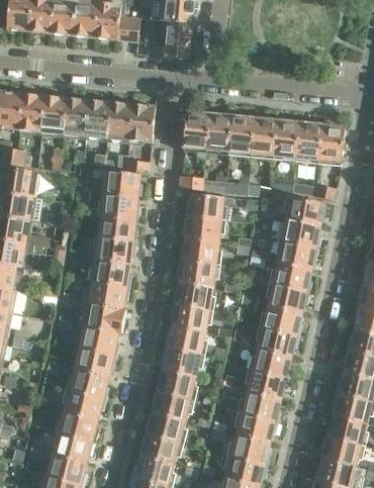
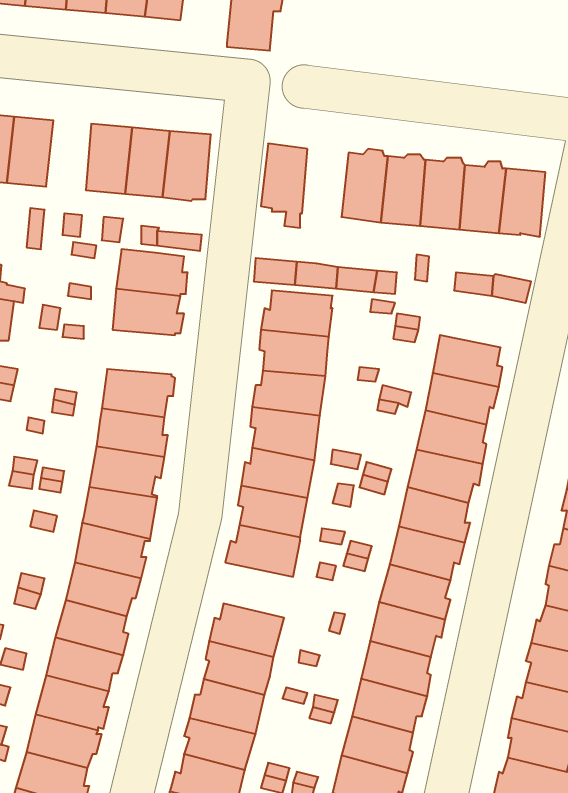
building: [62,97,87,136] -> none
building: [206,111,232,152] -> none
building: [284,195,325,225] -> none
building: [96,215,136,240] -> none
building: [161,347,201,378] -> none

